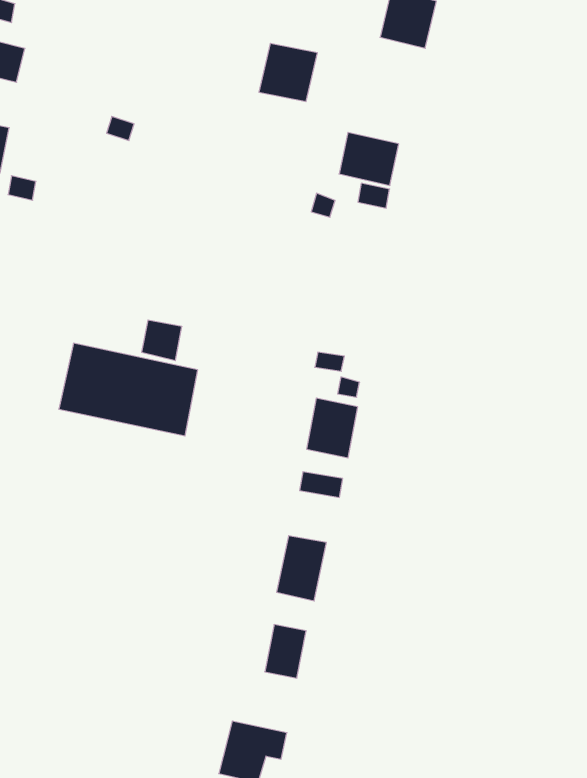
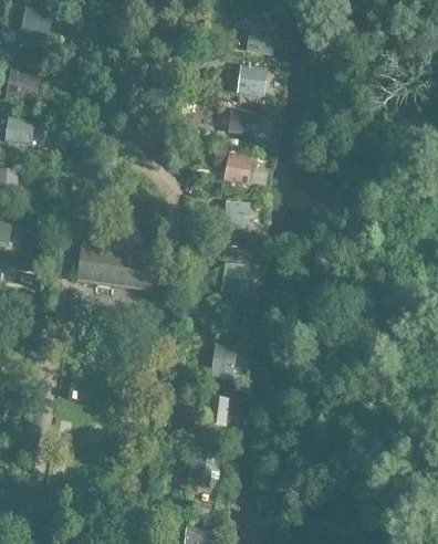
building: [259,43,317,102] -> [237,65,269,97]
building: none -> [223,153,253,187]
building: none -> [225,202,251,232]

